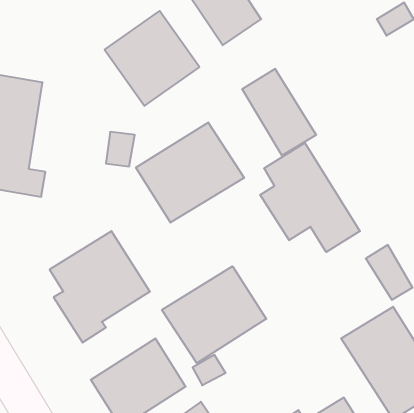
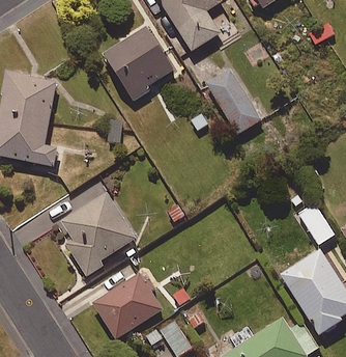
building: [136,122,244,223] -> none
building: [260,143,360,252] -> none
building: [162,266,266,363] -> none

